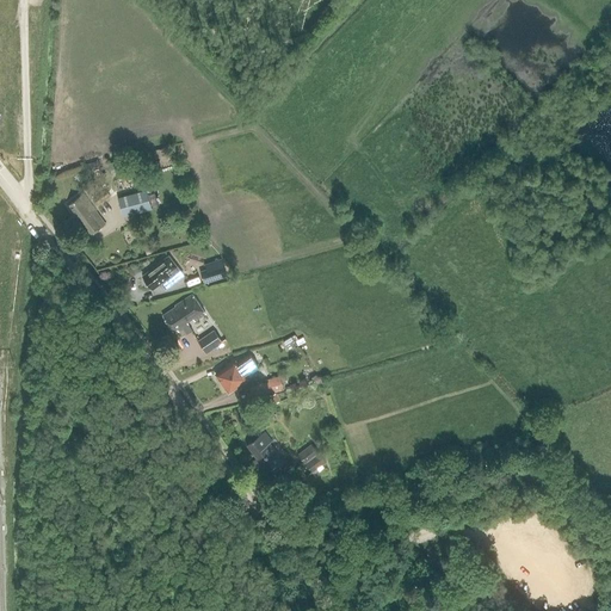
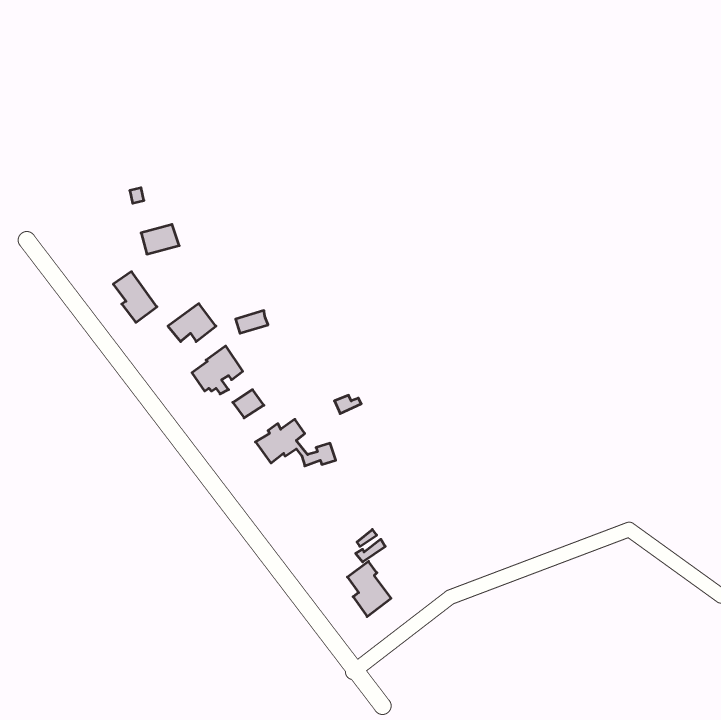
building: [68,193,105,236] -> [113,272,157,322]
building: [247,431,284,477] -> [347,561,391,617]

